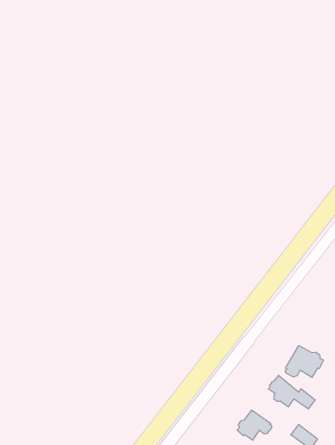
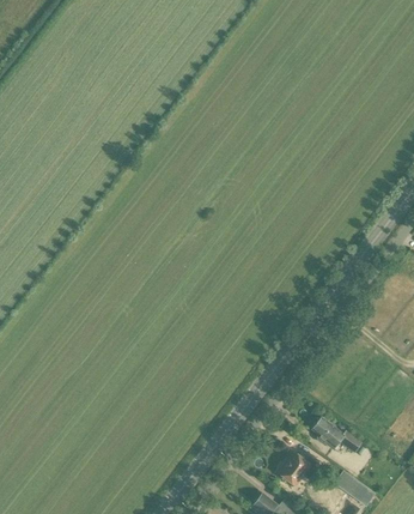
building: [285,346,323,377] -> none

